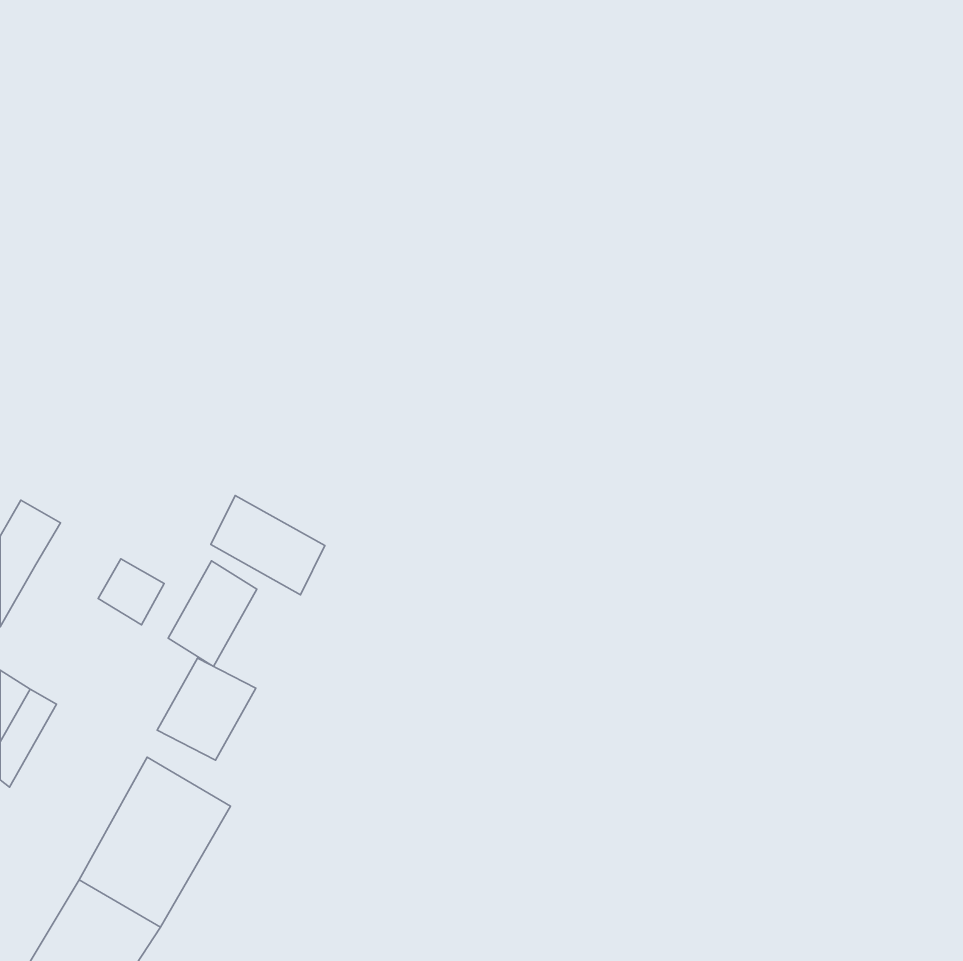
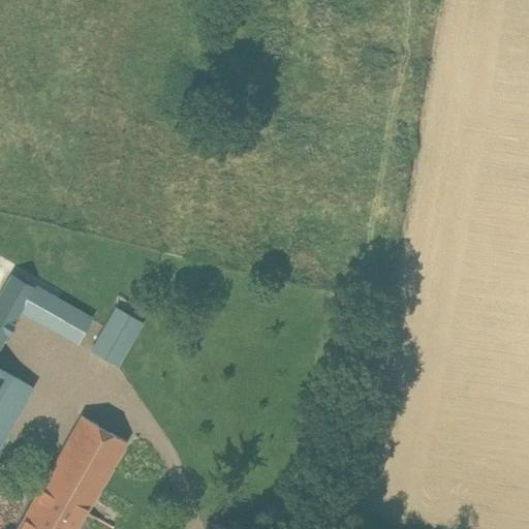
building: [211,495,325,595] -> none
building: none -> [21,288,67,330]
building: [157,658,256,760] -> none

